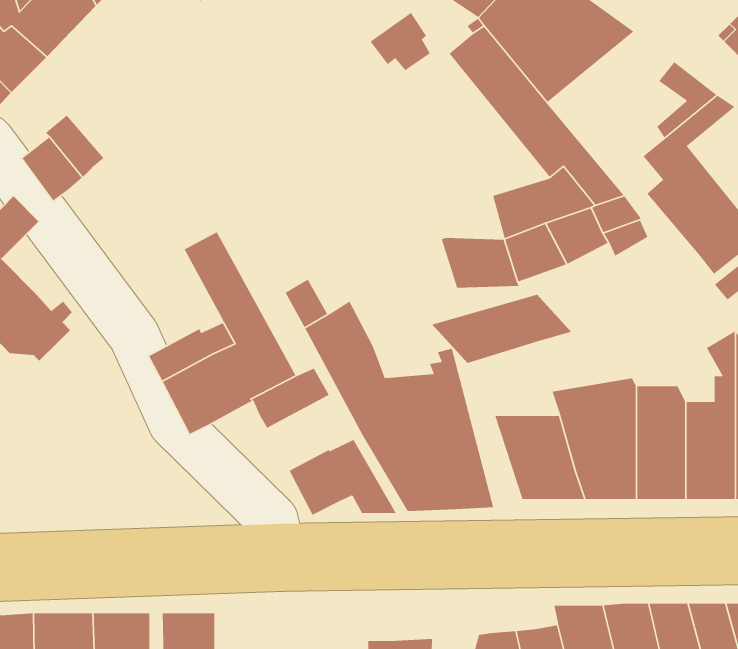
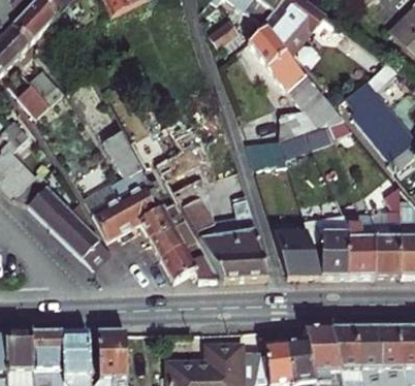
building: [431,294,572,364] -> none
building: none -> [33,185,117,269]
building: none -> [152,219,197,258]

